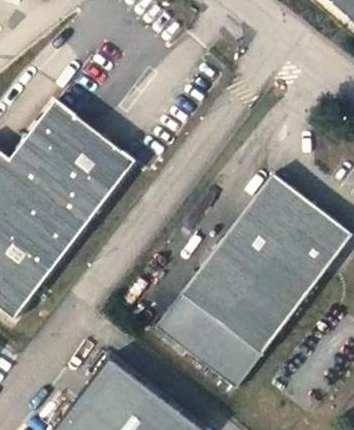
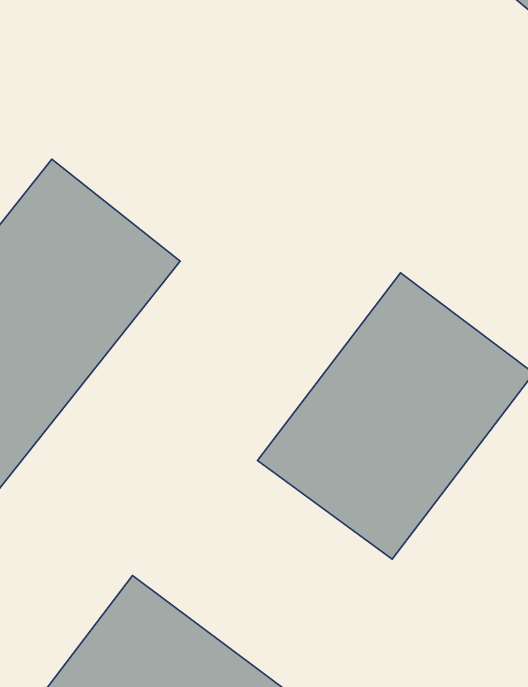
building: [152,285,264,386] -> none

